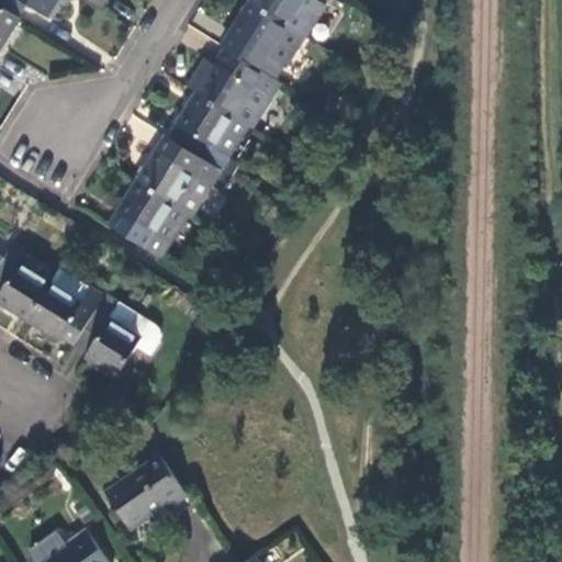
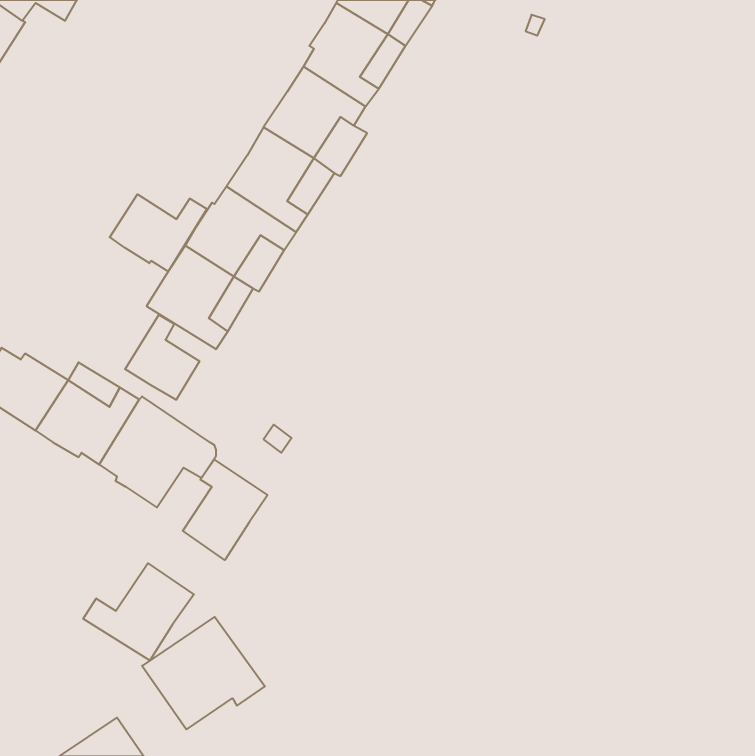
building: none -> [110,194,207,271]
building: none -> [125,315,199,400]
building: none -> [183,459,267,560]
building: none -> [83,563,194,661]

